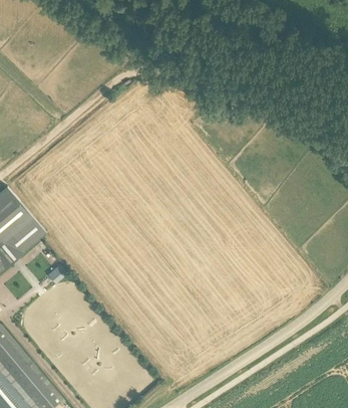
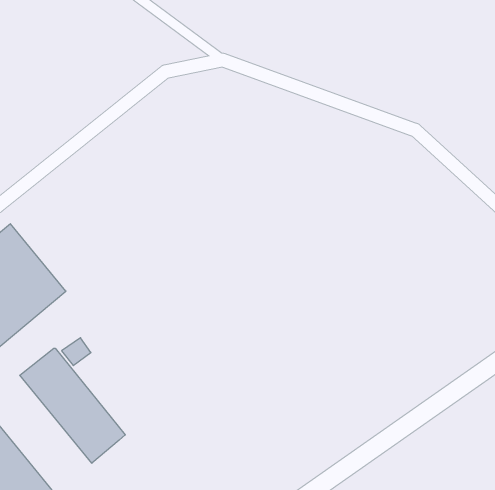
building: none -> [20,348,125,463]

